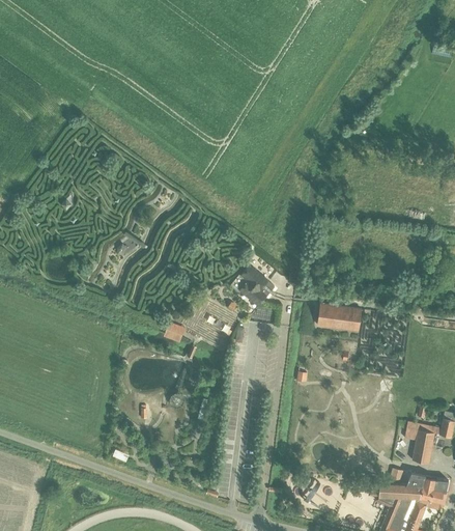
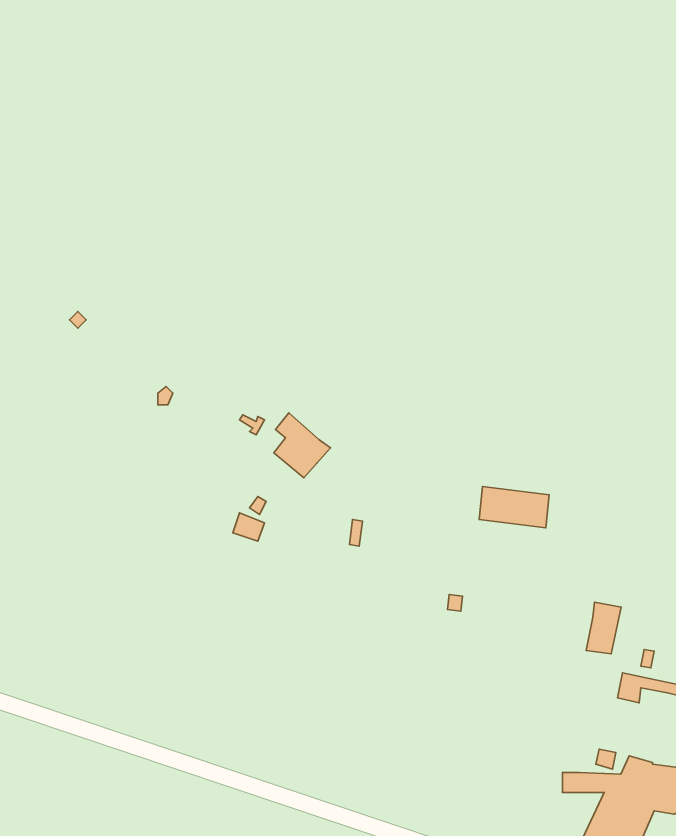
building: [238,267,274,307] -> [274,413,330,478]
building: [411,431,433,464] -> [586,602,621,654]

